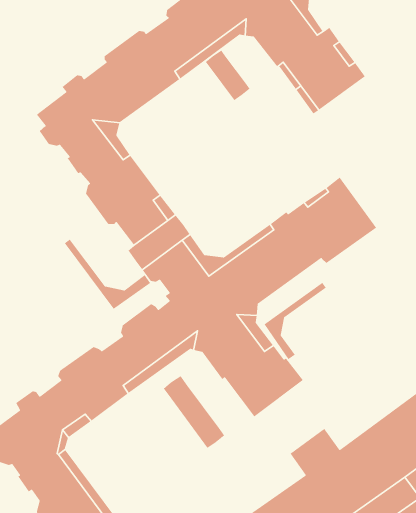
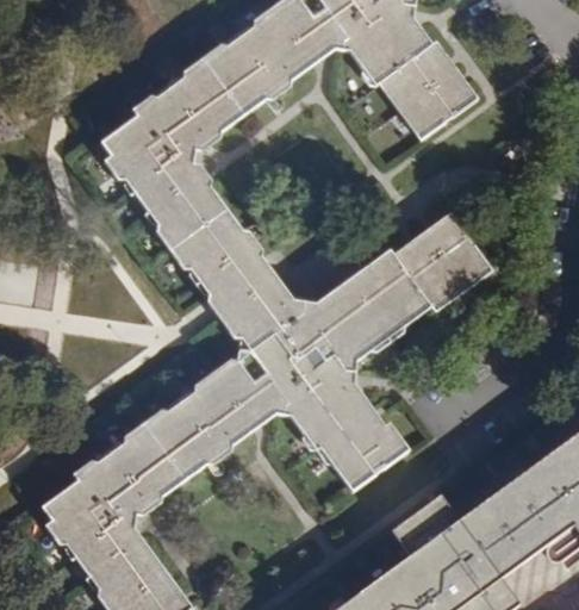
building: [205,49,250,101] -> none
building: [64,238,151,310] -> none
building: [263,282,327,360] -> none
building: [163,375,225,449] -> none

